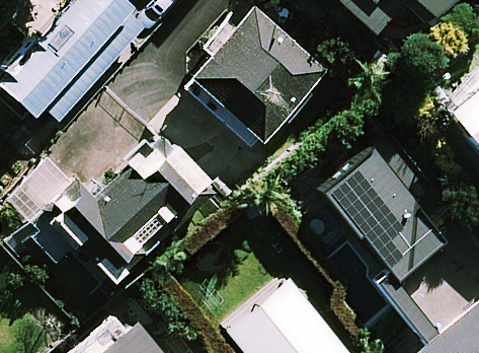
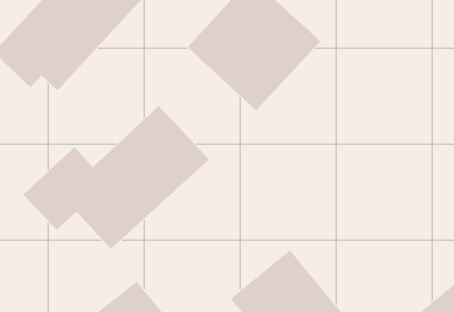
building: [320,146,457,339] -> none

